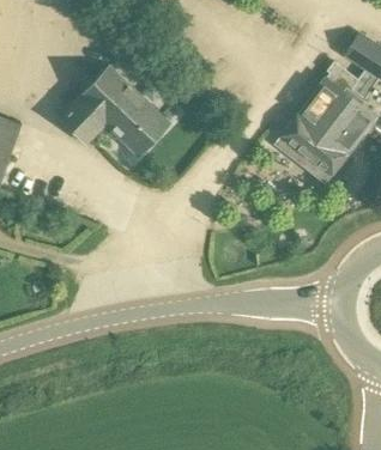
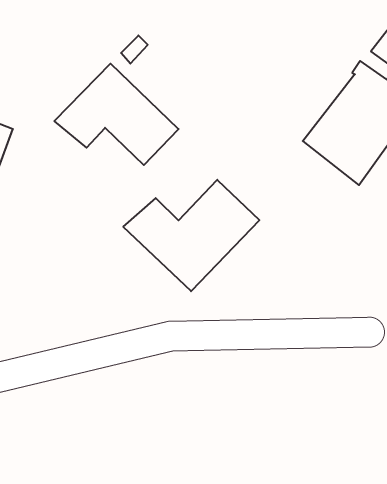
building: none -> [123,180,259,291]

